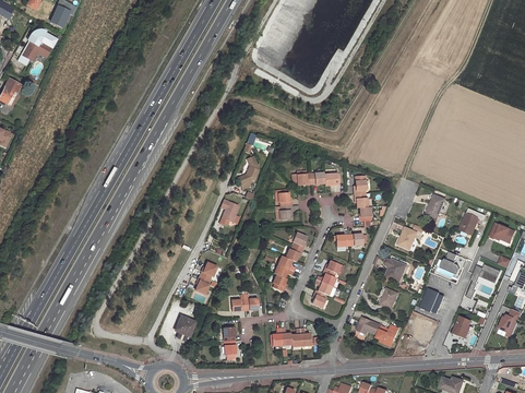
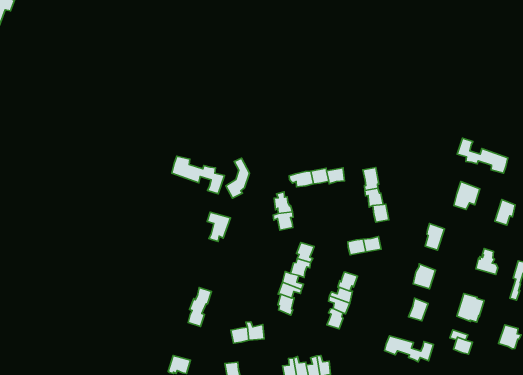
building: none -> [172,156,224,194]
building: none -> [457,138,508,173]

